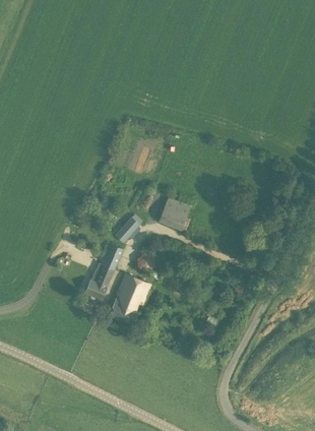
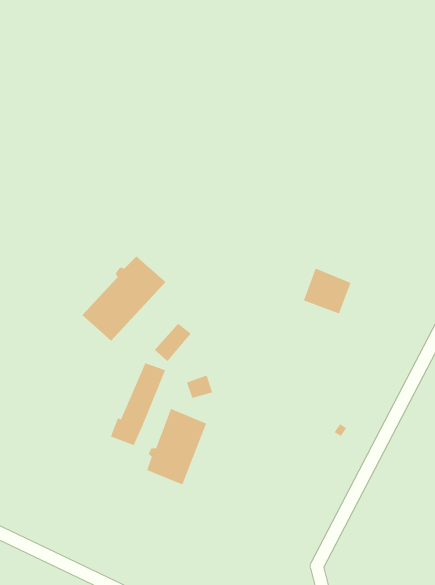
building: none -> [82,255,166,342]
building: [160,198,192,230] -> [303,267,352,315]

